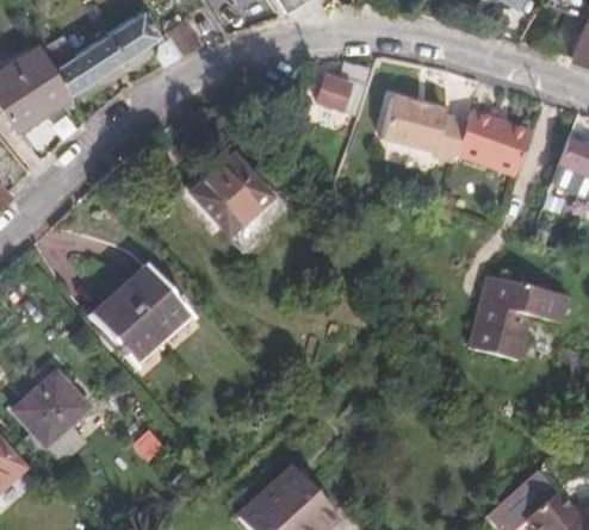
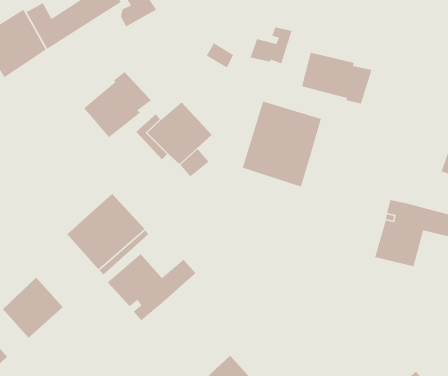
building: [457,110,532,174] -> none
building: none -> [83,71,152,138]
building: none -> [242,101,322,187]
building: none -> [107,253,196,321]

